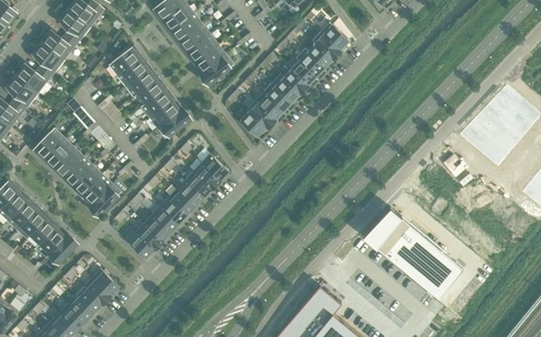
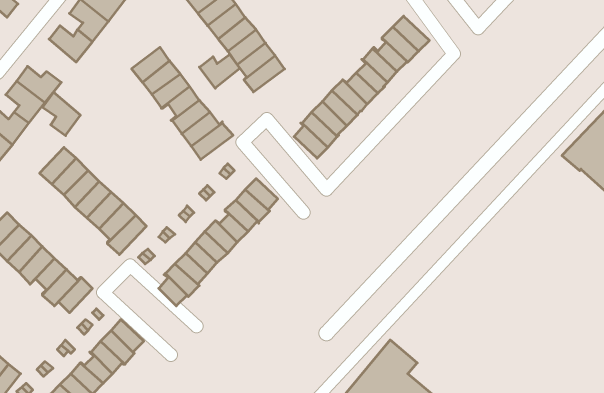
building: [33,41,64,76] -> [43,92,80,136]
building: none -> [199,54,240,88]
building: [362,206,464,299] -> none

